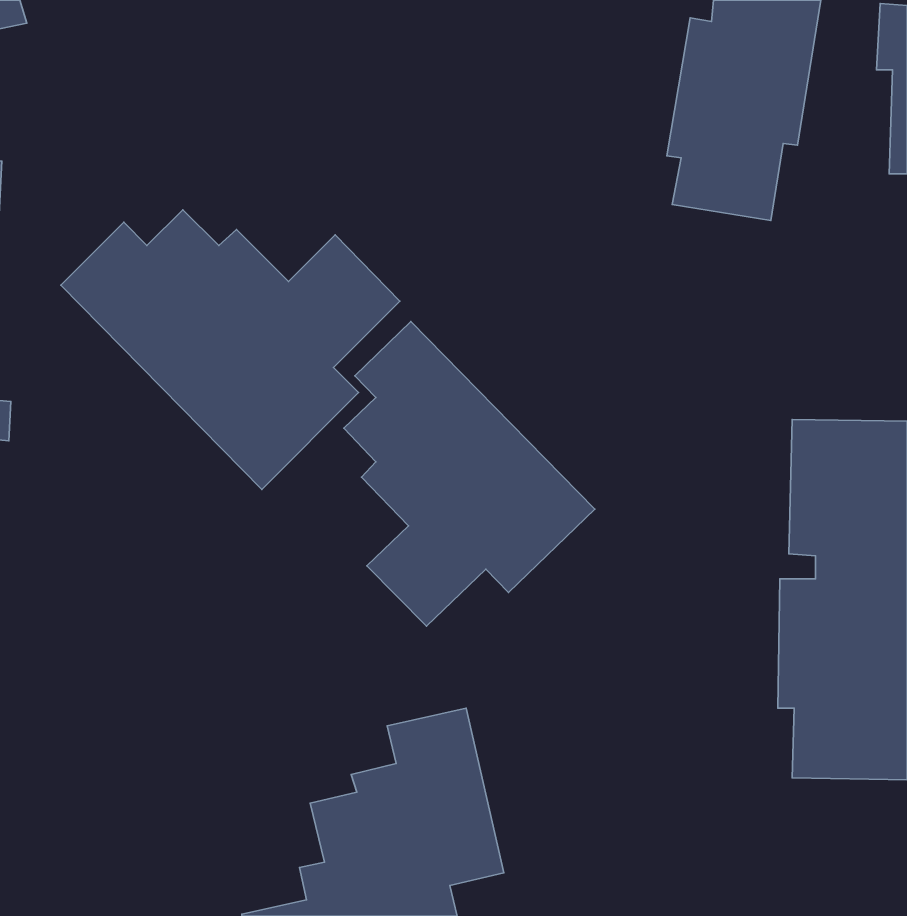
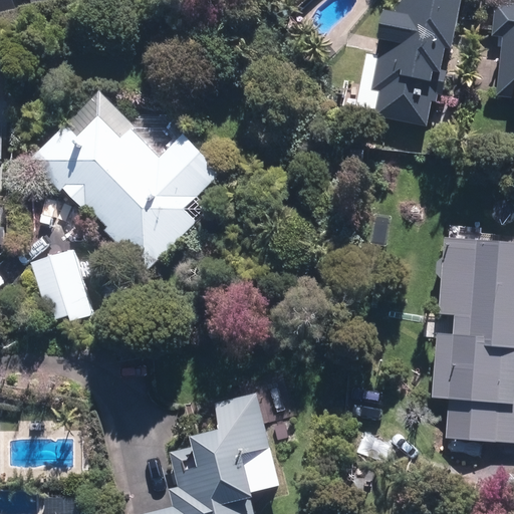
building: [344,322,595,626] -> none
building: none -> [30,246,92,321]

